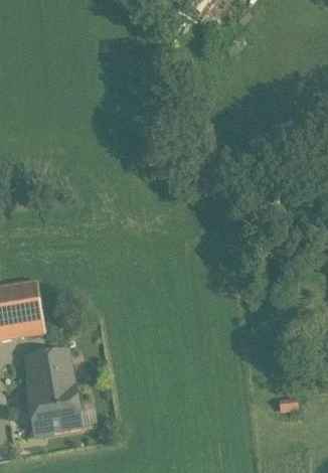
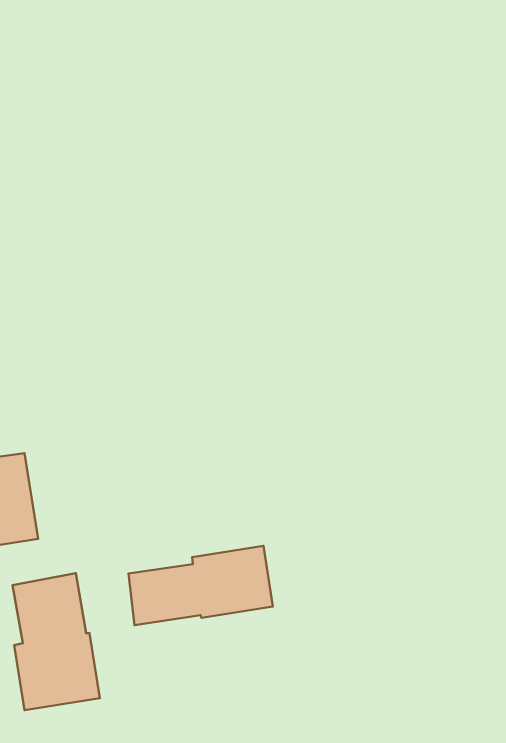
building: none -> [129,546,273,625]

